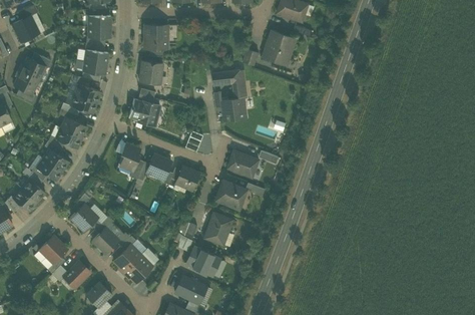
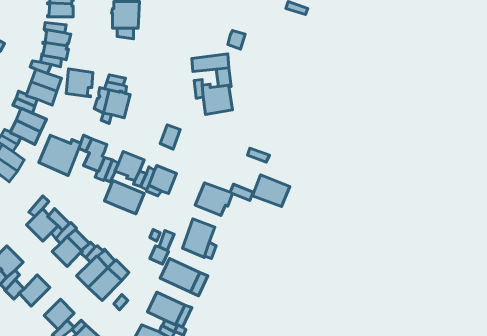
building: [263,30,297,63] -> none
building: [139,60,162,84] -> [66,69,93,97]
building: none -> [39,135,81,176]
building: [227,150,260,178] -> [252,175,290,206]
building: none -> [105,180,144,214]

